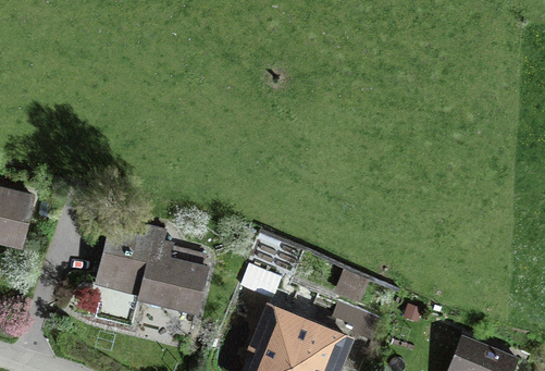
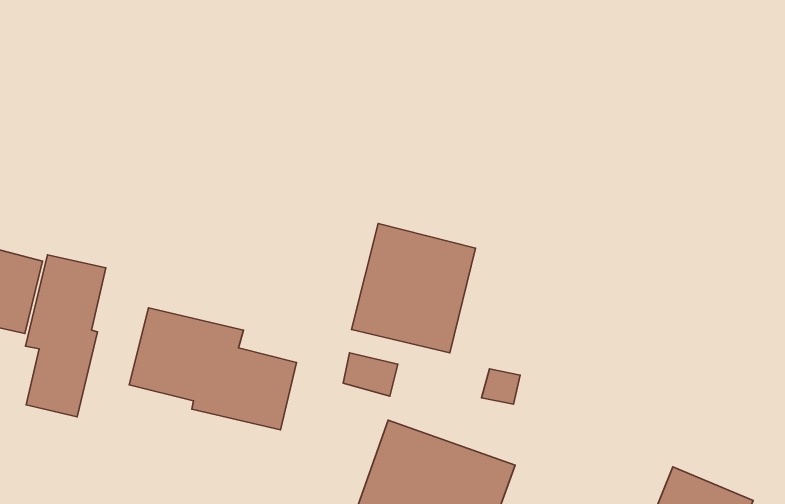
building: none -> [352,223,475,353]
building: none -> [26,255,106,417]

